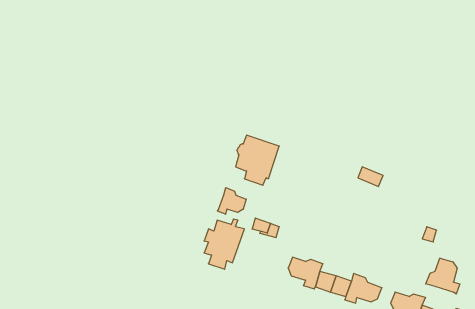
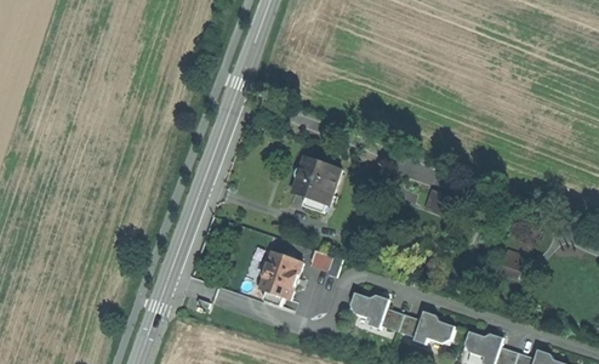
building: [217,188,246,214] -> none
building: [426,258,460,294] -> none

